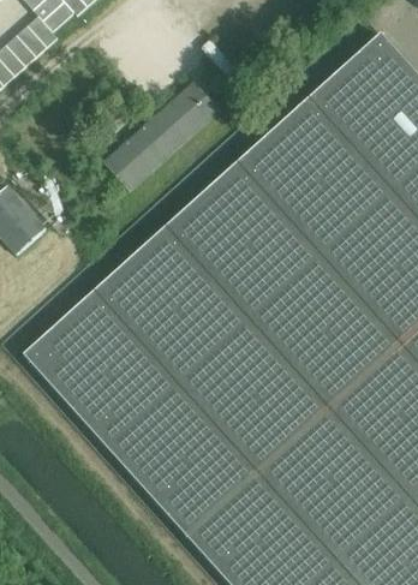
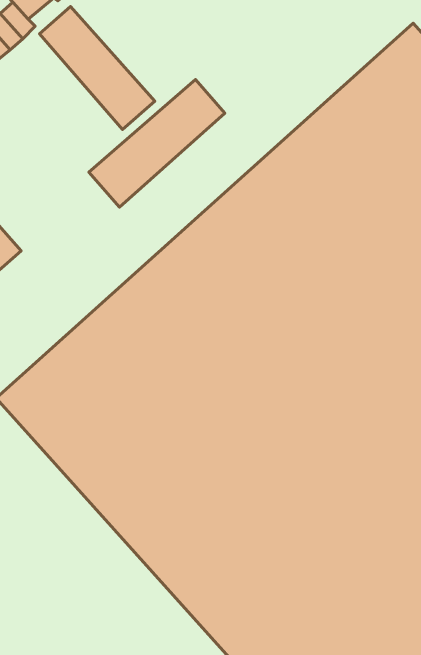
building: none -> [39,7,155,130]

